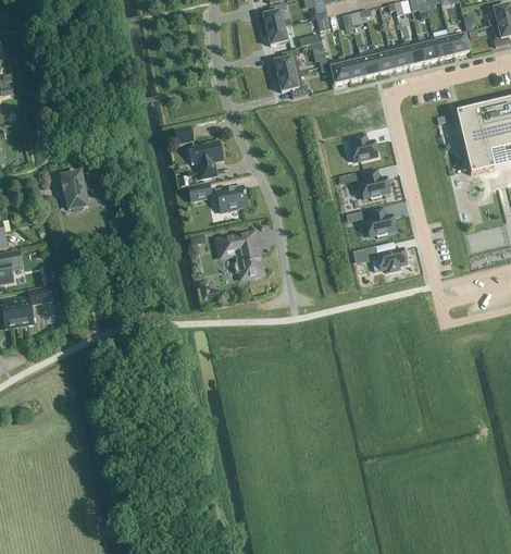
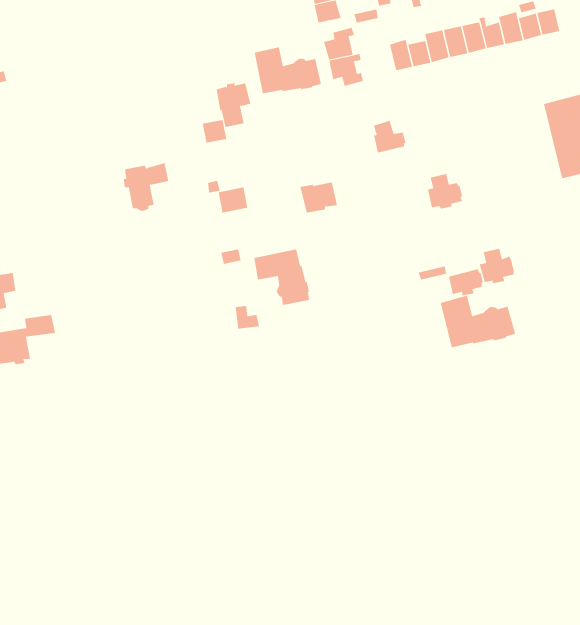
building: none -> [254,46,321,94]
building: [350,134,377,161] -> [373,120,406,153]
building: [192,141,222,178] -> [216,83,251,128]
building: [61,171,99,211] -> [123,163,169,211]
building: [215,186,247,212] -> [300,182,338,213]
building: [365,208,395,237] -> [479,248,514,284]
building: none -> [440,295,516,348]

